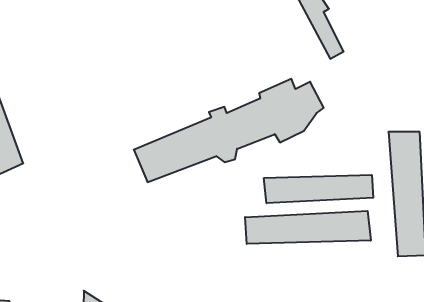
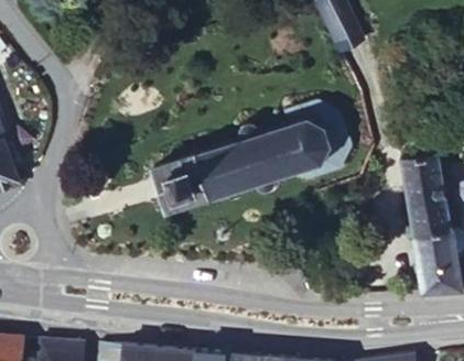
building: [264,175,373,203] -> none
building: [245,211,371,244] -> none

